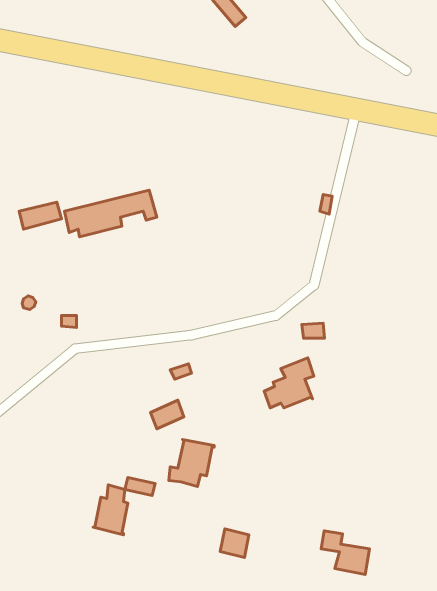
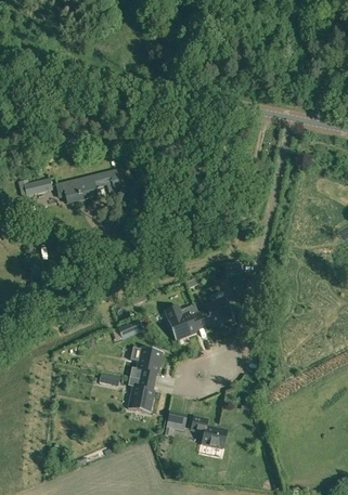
building: none -> [166,310,203,340]
building: [93,485,128,535] -> [128,377,153,413]
building: [321,531,370,575] -> [192,416,227,447]

